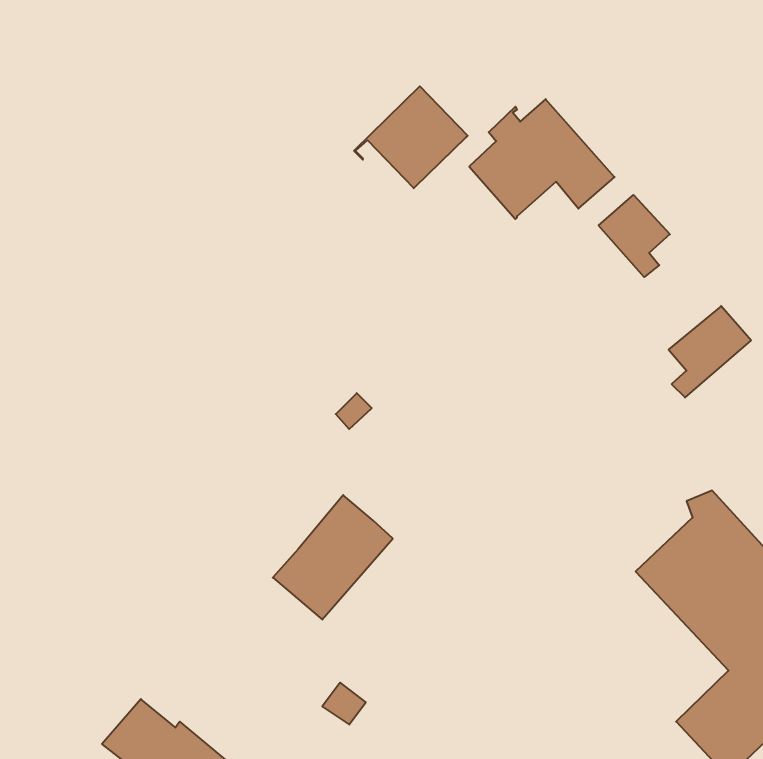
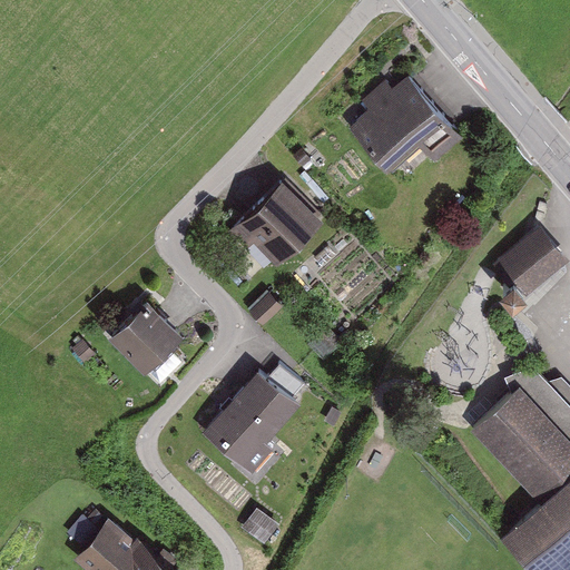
building: [354,86,468,188] -> [230,185,315,261]
building: [599,195,670,277] -> none
building: none -> [115,299,186,371]

